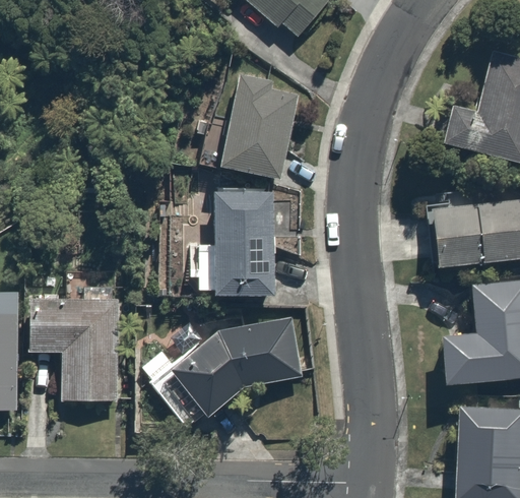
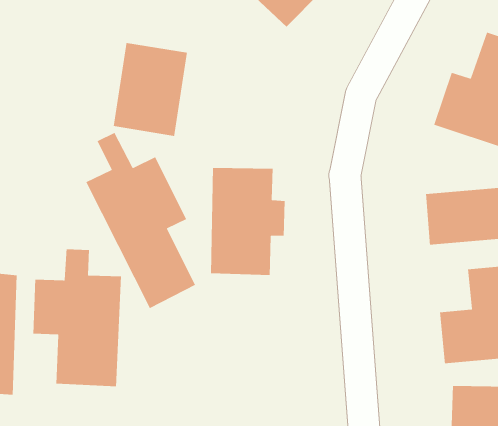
building: [221,75,298,171] -> [113,42,188,137]
building: none -> [85,132,196,309]
building: [139,319,305,435] -> none

